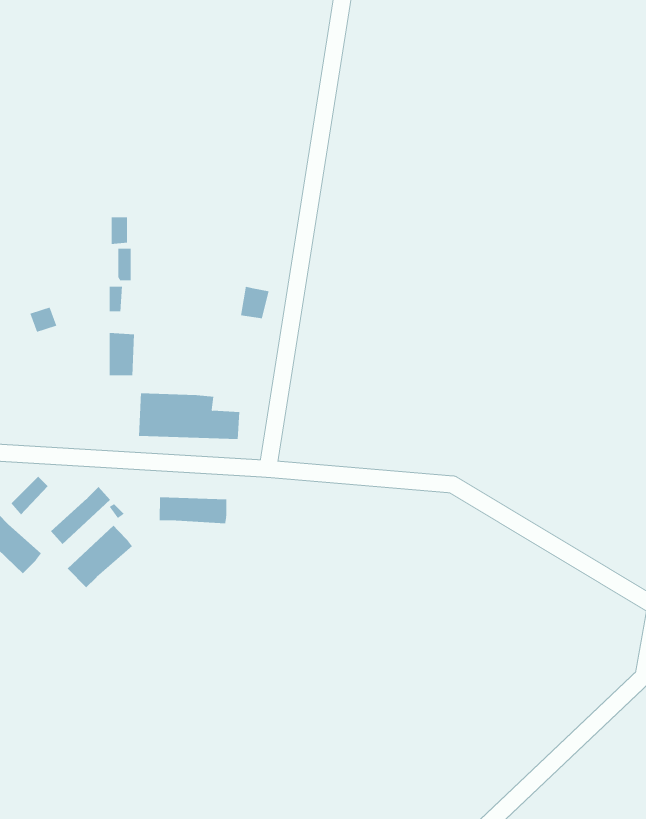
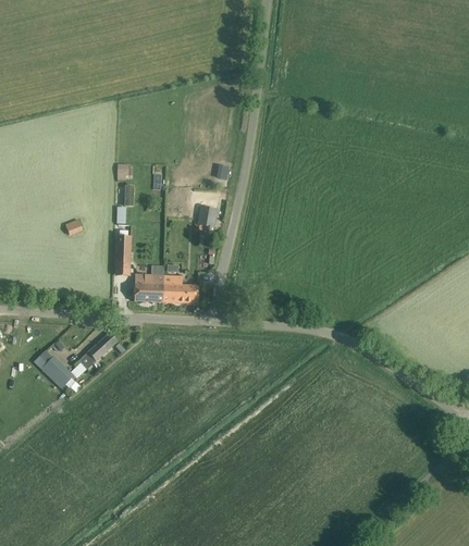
building: [159,496,227,524] -> none
building: [67,525,133,588] -> none

